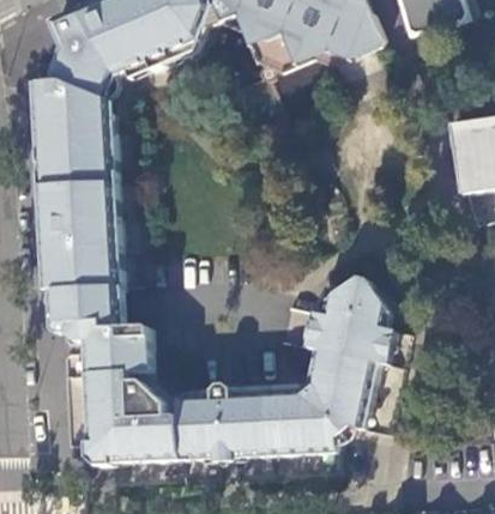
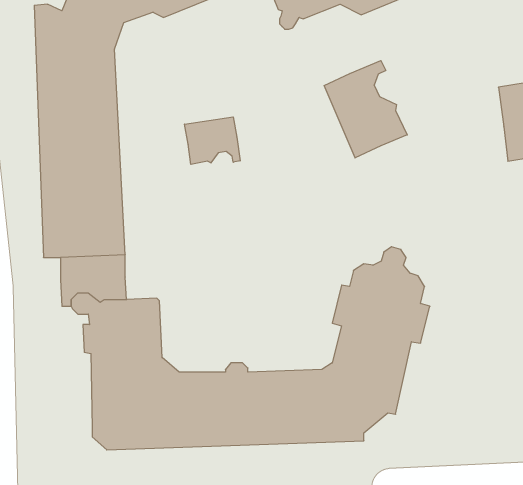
building: none -> [324,61,407,158]
building: none -> [185,117,240,164]

